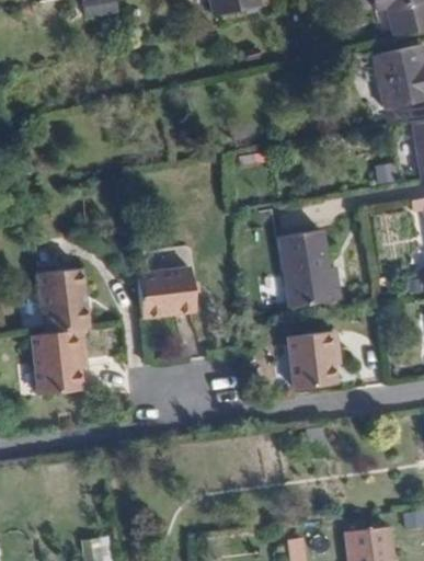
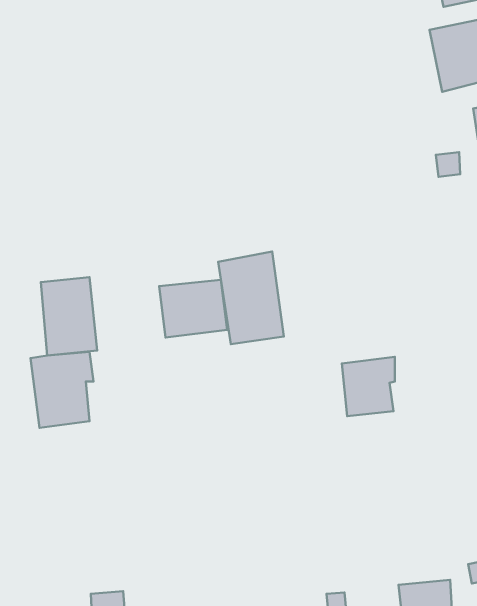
building: [273,214,329,293] -> [218,251,284,344]

